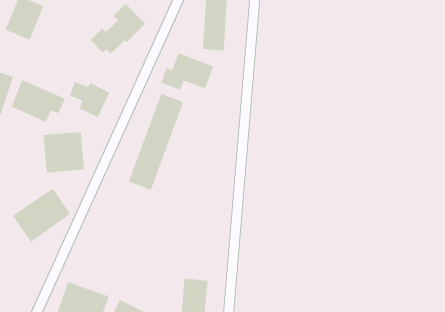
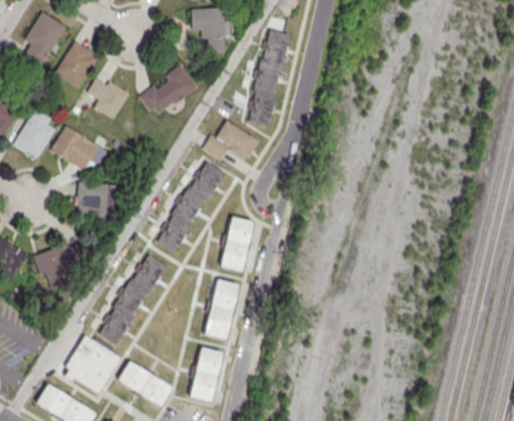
building: [69,81,110,118] -> [86,77,128,118]
building: none -> [220,215,253,270]
building: none -> [98,250,165,347]
building: none -> [202,277,239,339]

